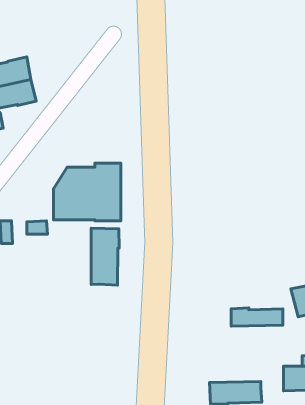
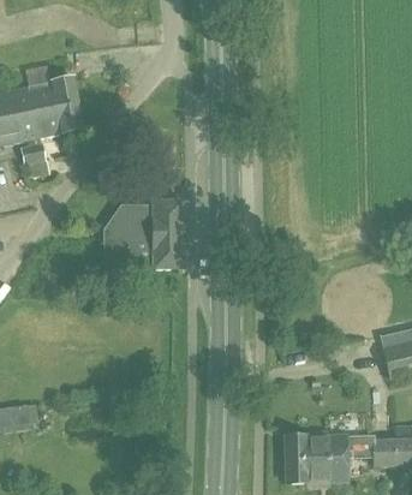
building: [91,228,119,285] -> none
building: [231,308,283,326] -> [286,435,346,457]

